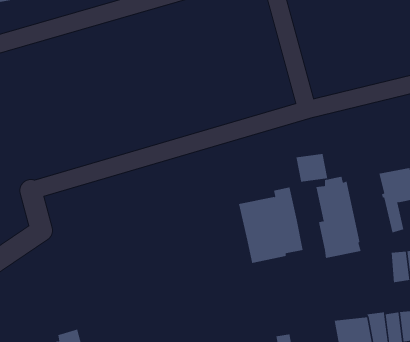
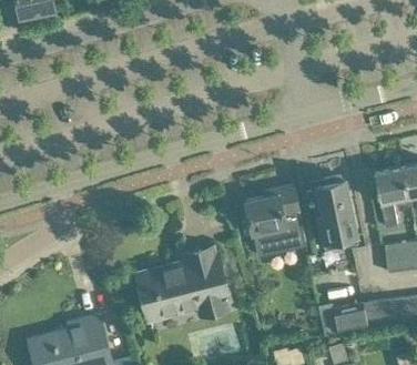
building: [296,153,328,183] -> none
building: none -> [138,249,228,322]

